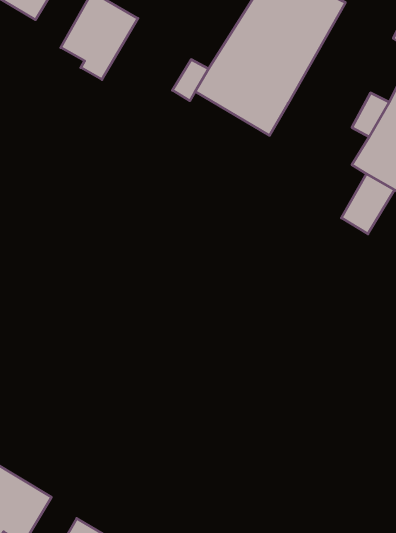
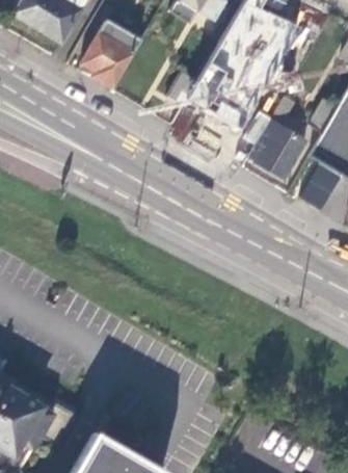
building: none -> [248,97,305,178]

